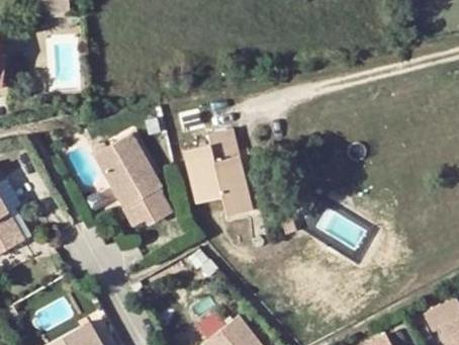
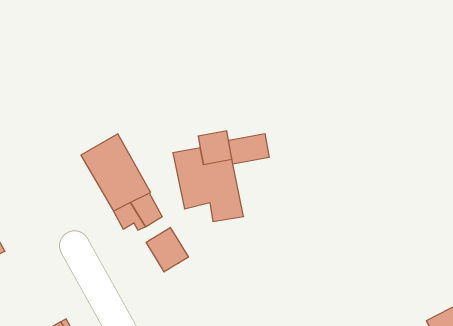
building: none -> [229,134,269,164]
building: none -> [146,227,188,272]

